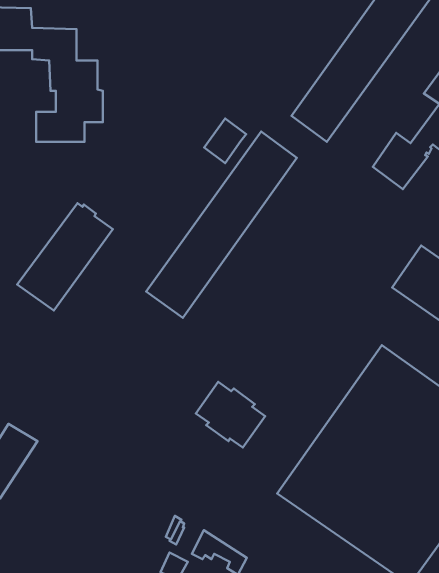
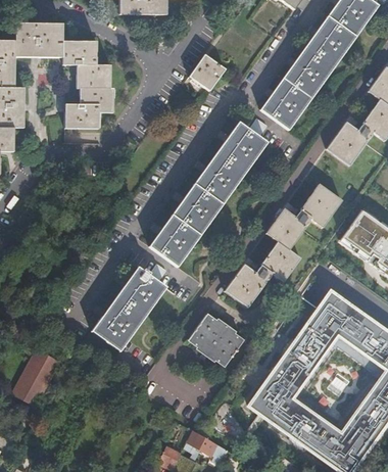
building: [204,119,246,163] -> [191,55,224,90]
building: [17,203,113,311] -> [92,266,166,349]
building: none -> [224,185,340,309]

